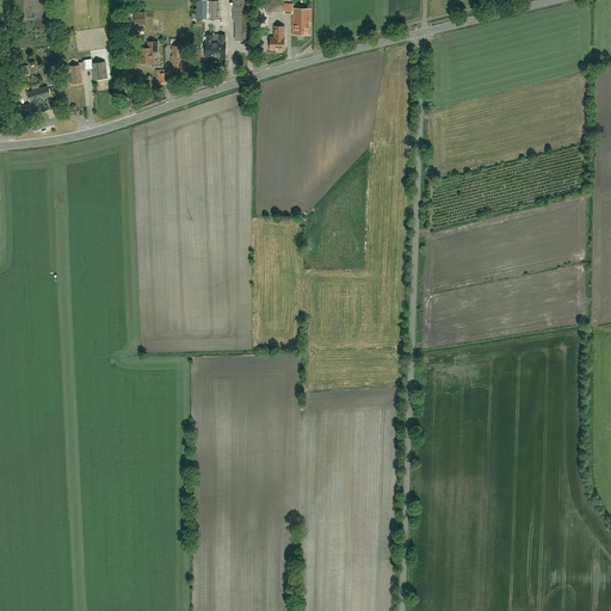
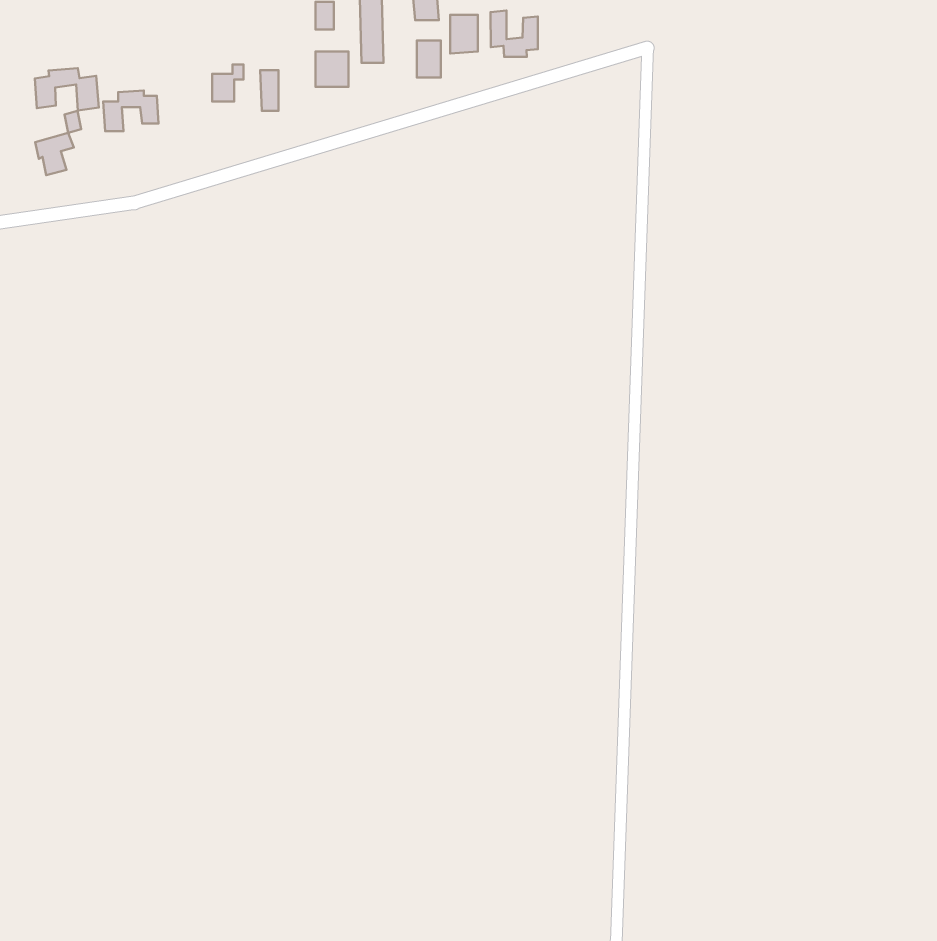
building: none -> [490,11,538,57]
building: none -> [35,68,99,110]

